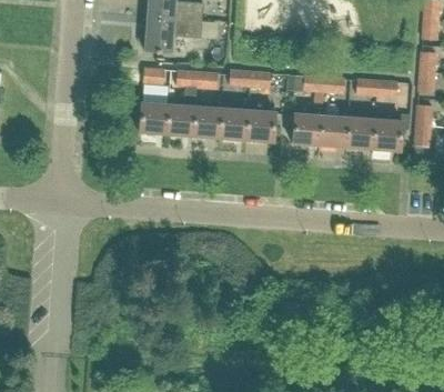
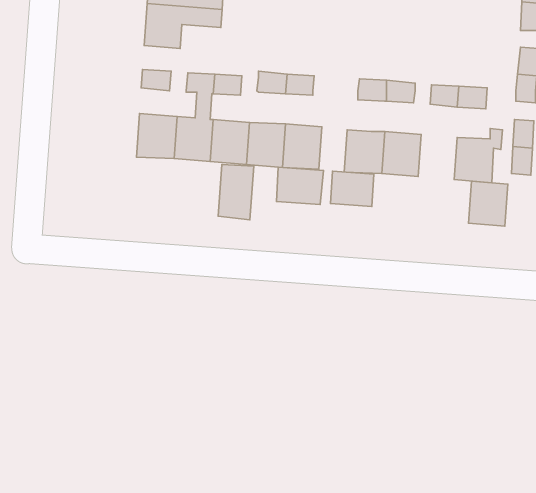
building: [346,115,375,149] -> [469,181,508,226]
building: none -> [218,164,254,220]
building: none -> [276,167,324,204]
building: none -> [331,171,374,207]

